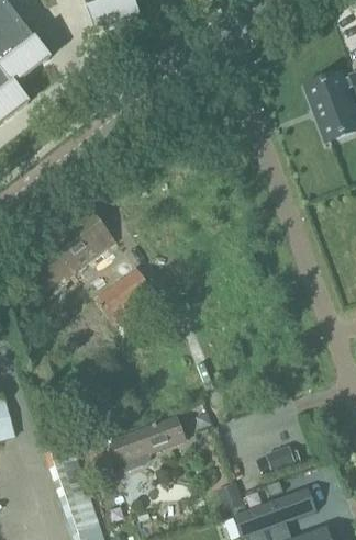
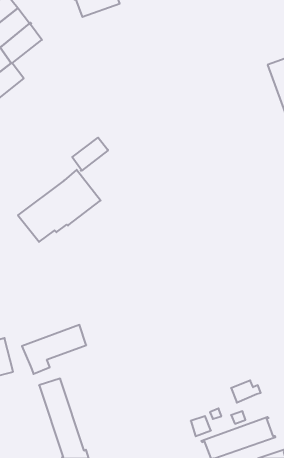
building: none -> [72,138,108,171]
building: [94,268,156,324] -> none
building: [111,416,185,472] -> [22,325,86,374]

